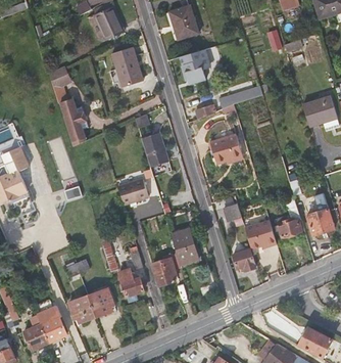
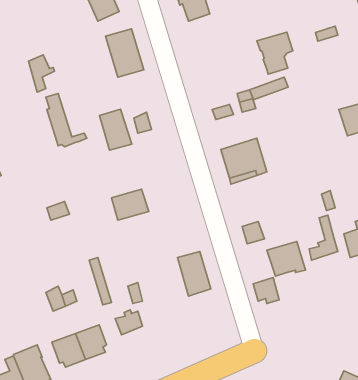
building: [180,49,209,84] -> [257,32,293,74]
building: [142,133,168,167] -> [99,109,132,150]
building: [153,257,178,285] -> none

